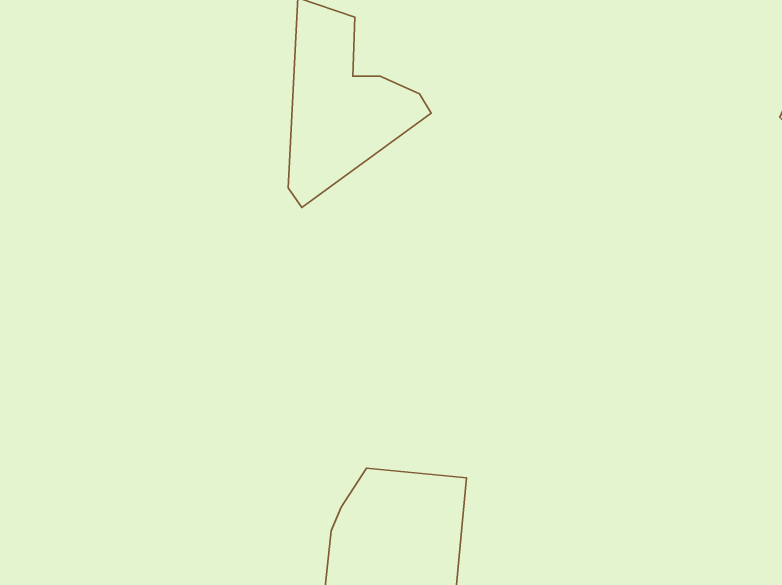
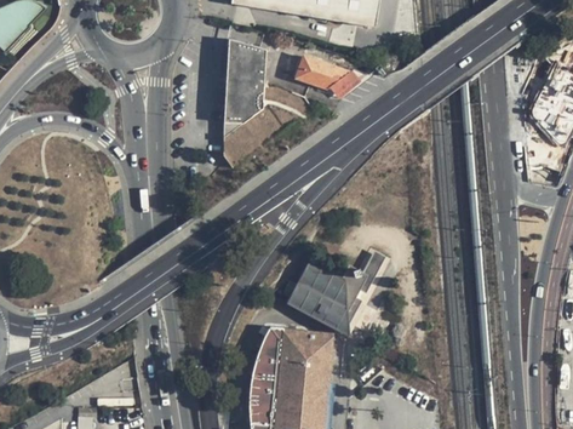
building: none -> [296,56,367,99]
building: none -> [286,254,382,338]

